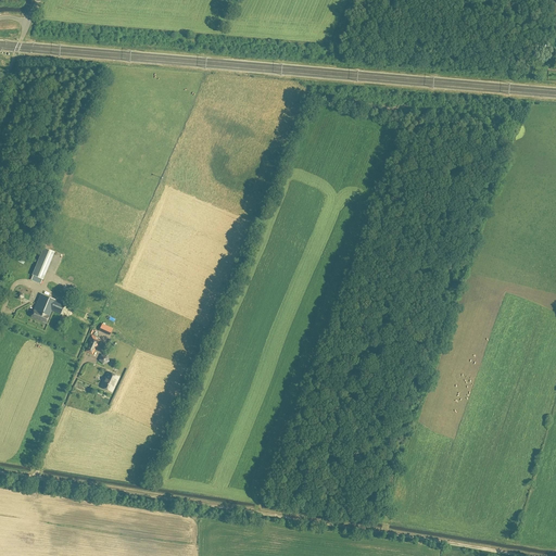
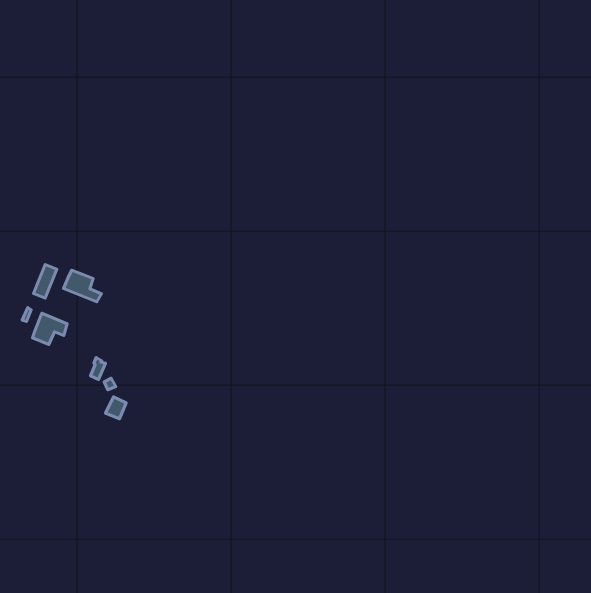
building: none -> [64,270,102,302]

